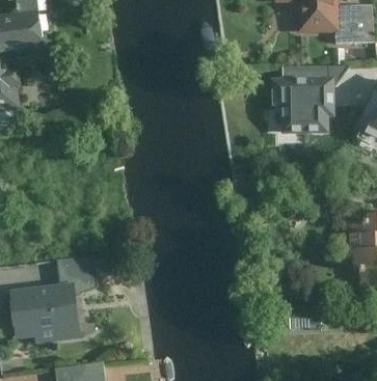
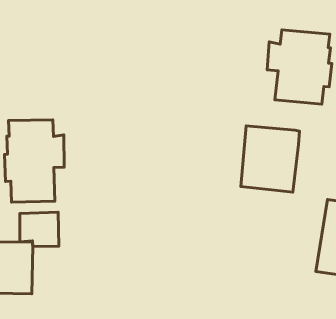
building: none -> [241,126,299,192]
building: none -> [5,120,64,202]

